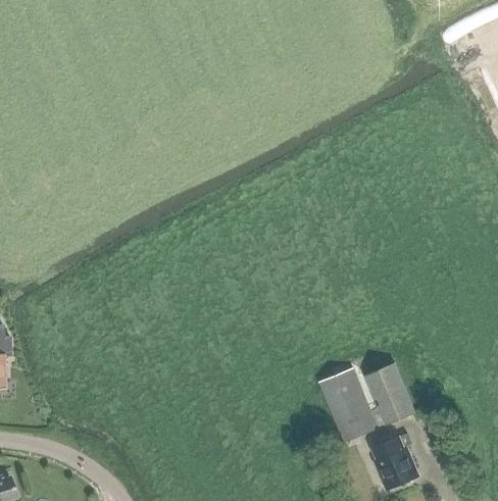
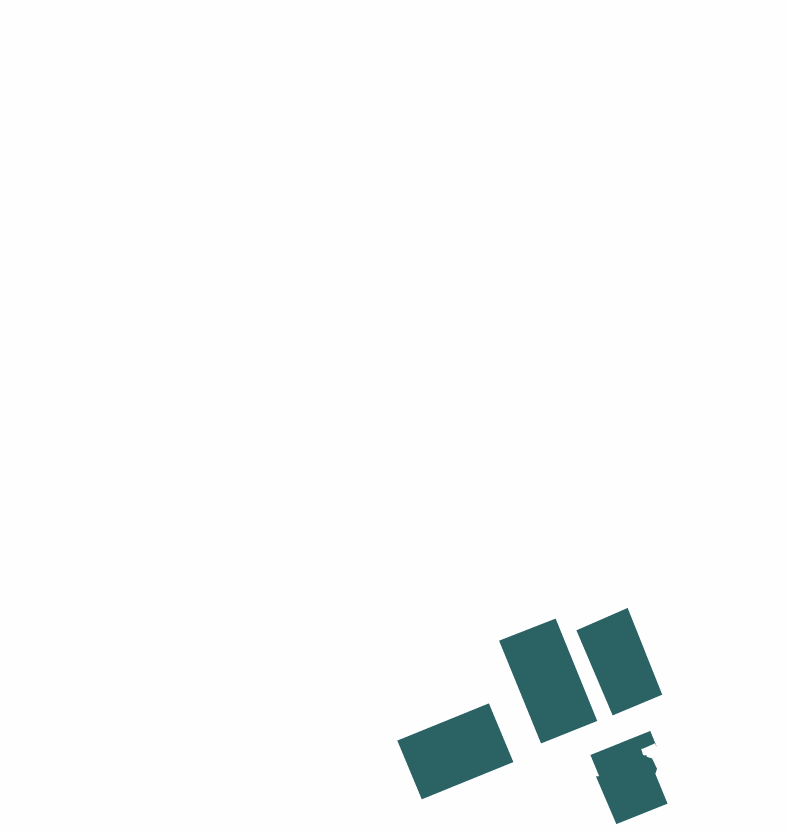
building: none -> [396,703,514,800]

